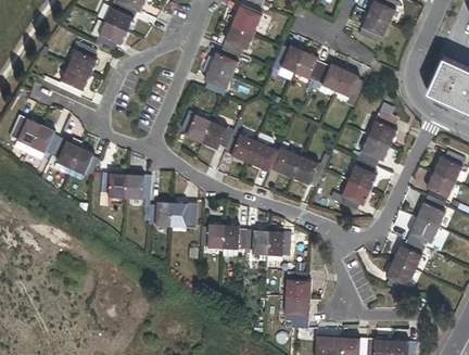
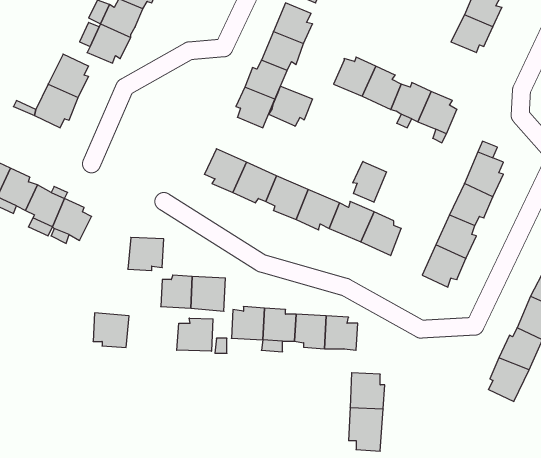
building: none -> [269,86,312,126]
building: none -> [353,161,387,202]
building: [101,173,127,198] -> [93,313,129,347]
building: none -> [177,318,213,351]

